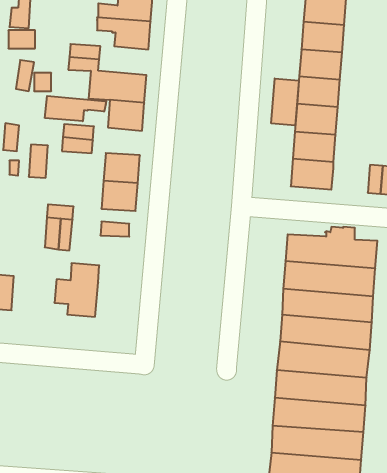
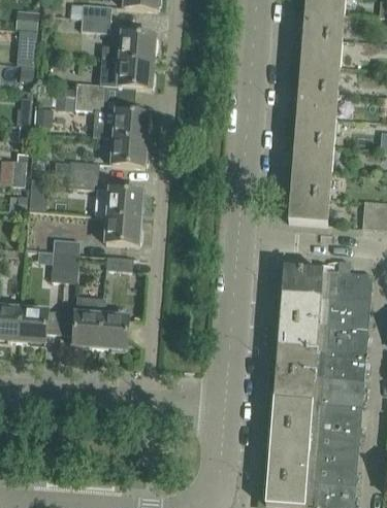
building: [271,78,299,125] -> none
building: [45,96,106,121] -> none
building: none -> [19,307,62,342]
building: none -> [99,313,129,348]

